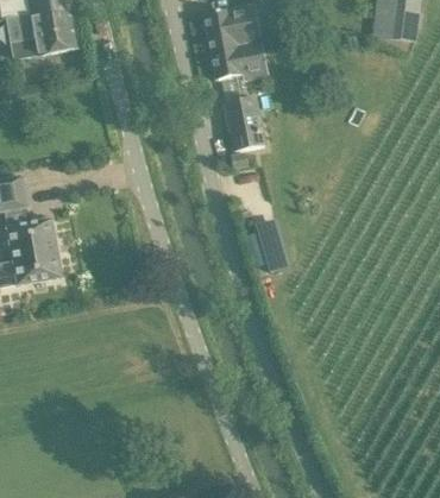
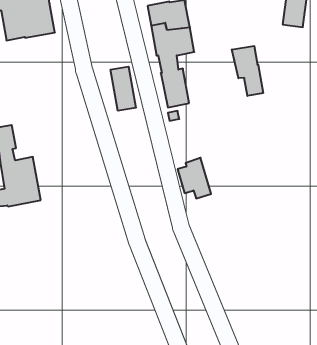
building: none -> [232,46,263,96]
building: none -> [111,67,136,111]

